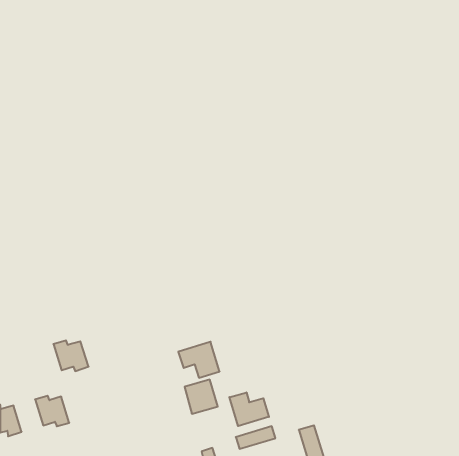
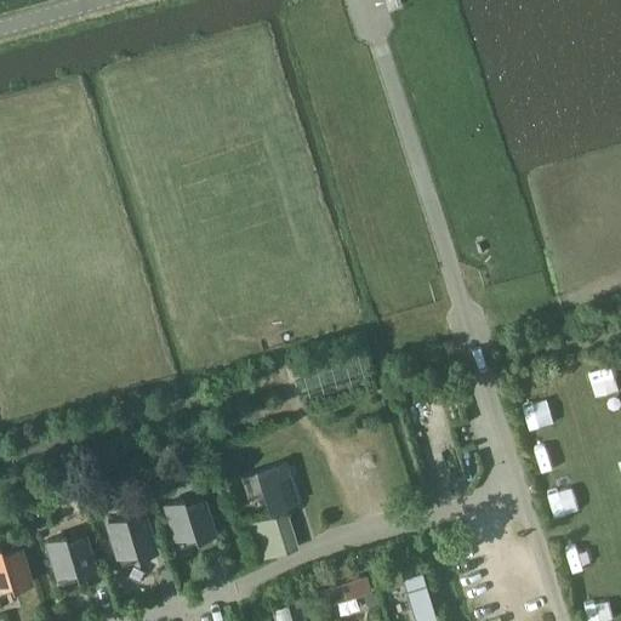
building: [53,340,89,371] -> [109,520,156,562]
building: none -> [166,502,213,543]
building: [229,392,269,426] -> none

